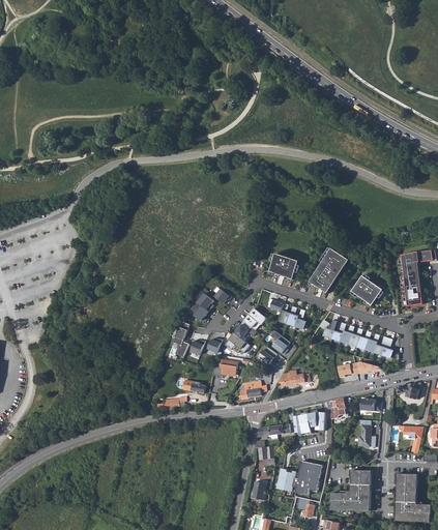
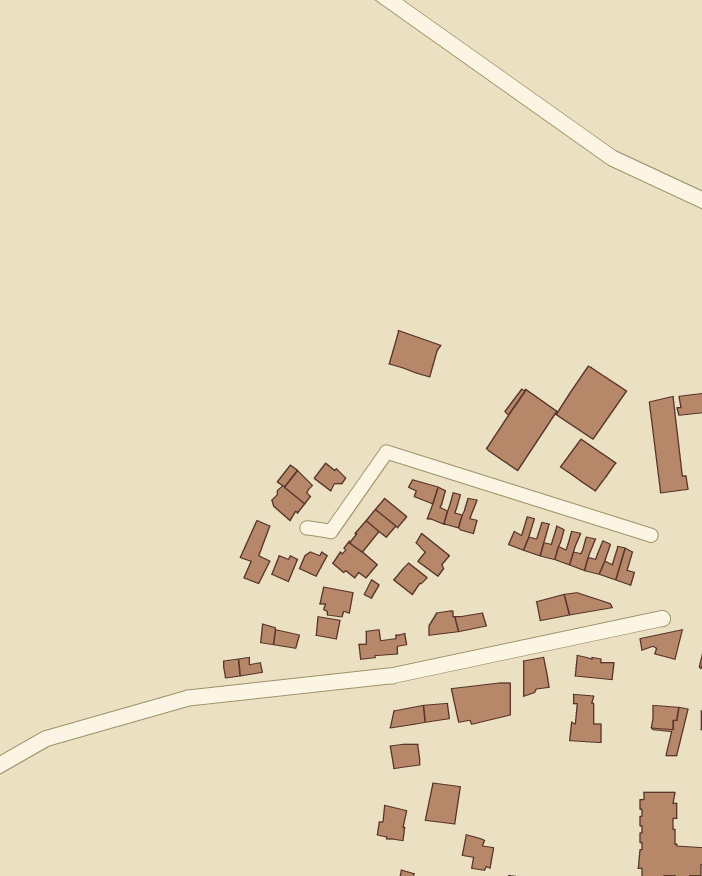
building: none -> [555,366,626,439]
building: [270,253,299,278] -> [389,331,441,377]
building: [295,461,321,494] -> none
building: [330,469,371,510] -> none

